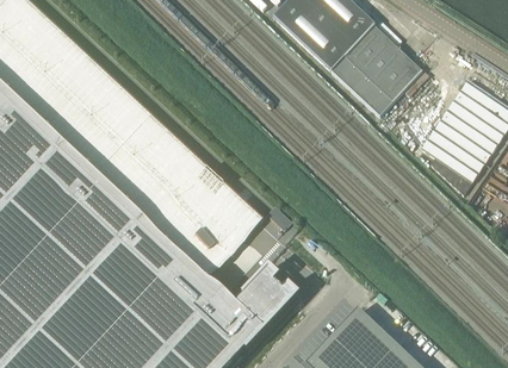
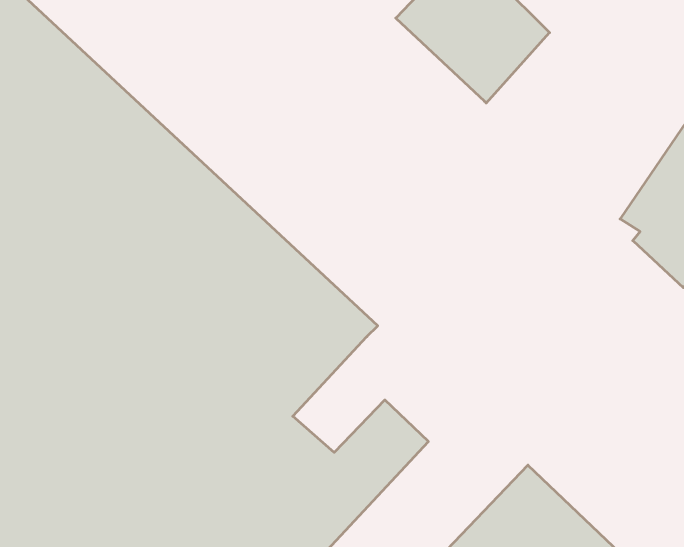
building: [332,21,421,114] -> none

